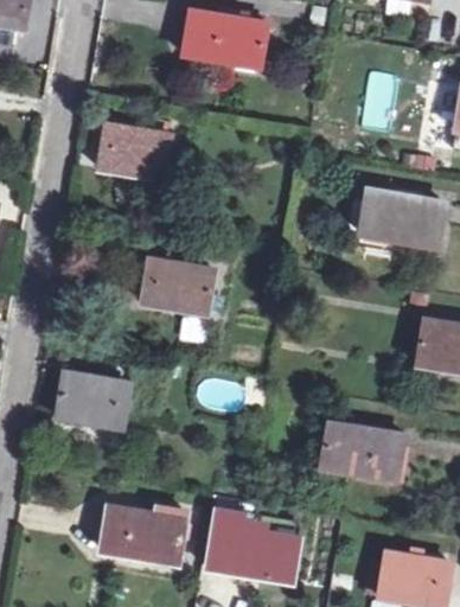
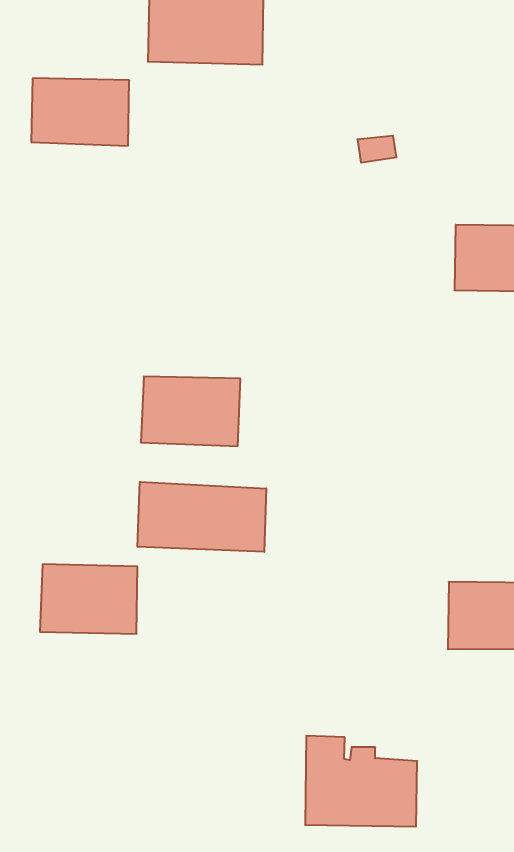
building: [101,126,171,179] -> [31,78,129,146]
building: none -> [138,482,266,552]
building: [102,507,184,562] -> none

